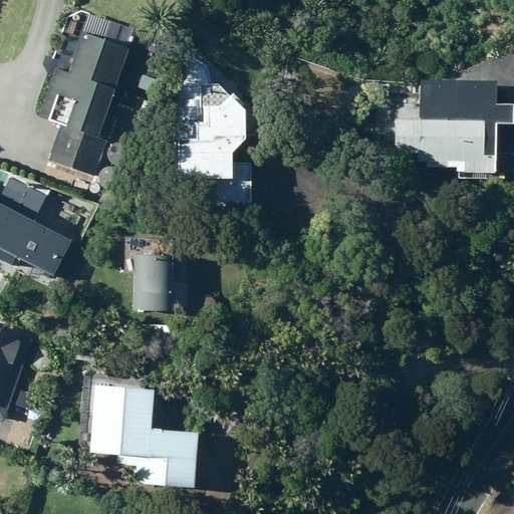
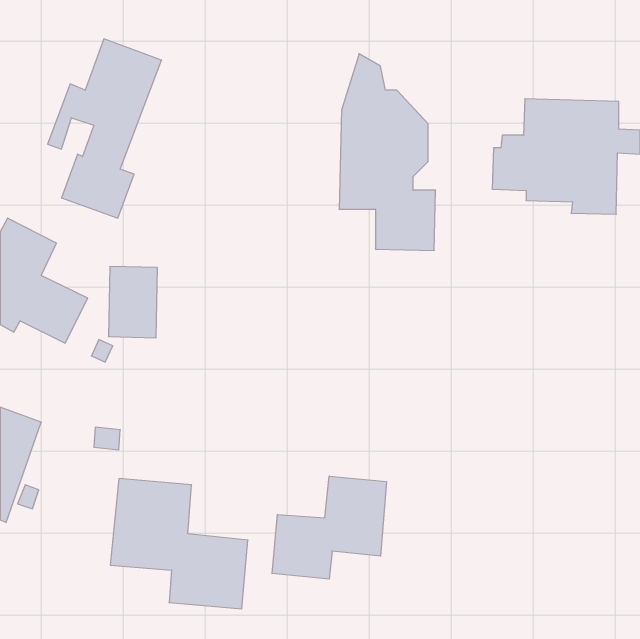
building: [173,53,250,211] -> [339,54,436,250]
building: [134,253,173,310] -> [108,266,157,338]
building: none -> [272,476,386,579]

